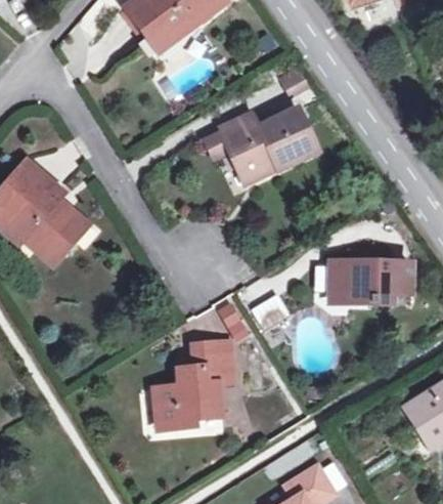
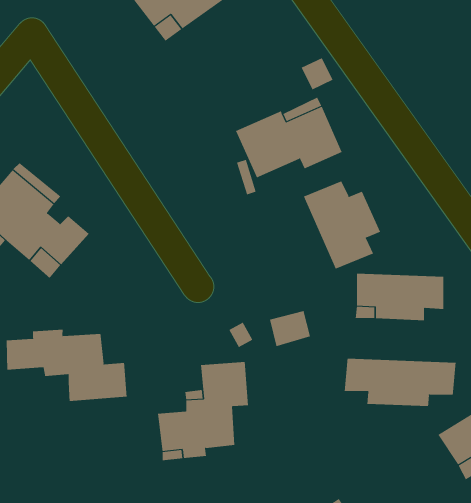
building: none -> [303,180,381,270]
building: none -> [6,329,127,402]
building: none -> [344,358,456,407]

